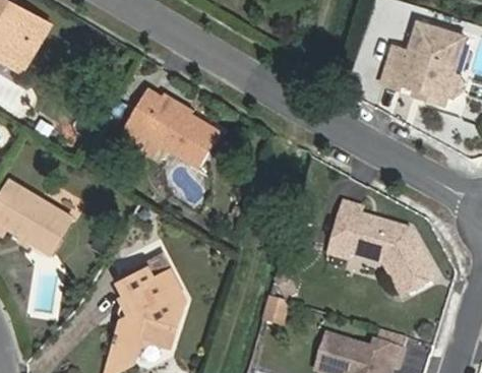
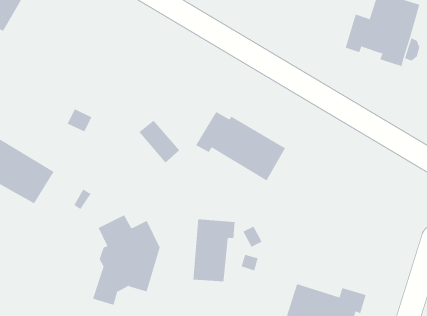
building: [120,91,218,167] -> [195,111,286,181]
building: [329,202,433,295] -> none
building: none -> [193,219,235,282]

